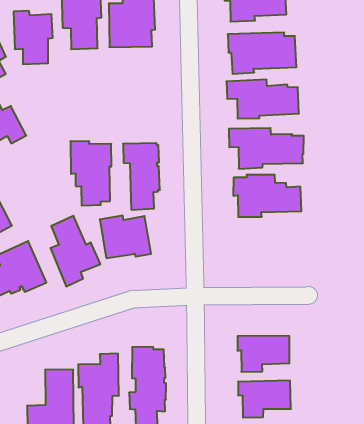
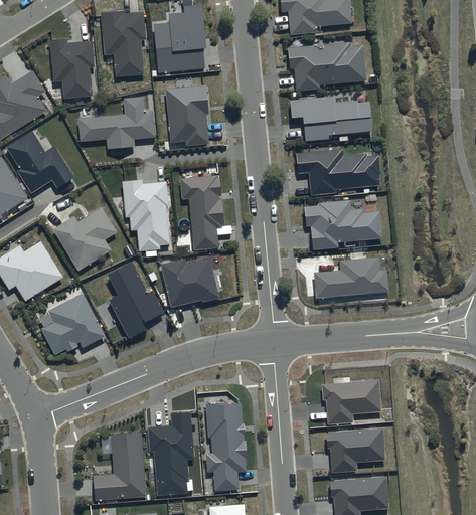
building: none -> [165,83,209,145]
building: none -> [77,96,156,147]
building: none -> [51,205,116,269]
building: none -> [313,258,389,299]

